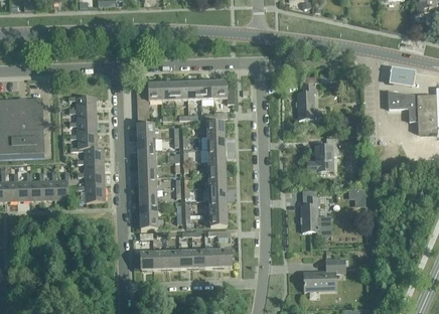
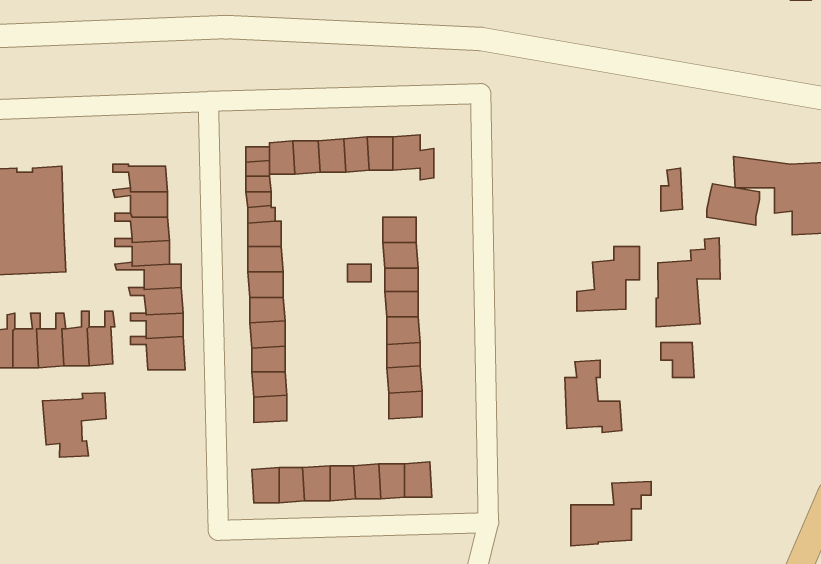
building: [387,65,414,87] -> [707,184,760,225]
building: [297,85,315,119] -> none
building: none -> [656,238,720,327]
building: none -> [42,393,106,457]

